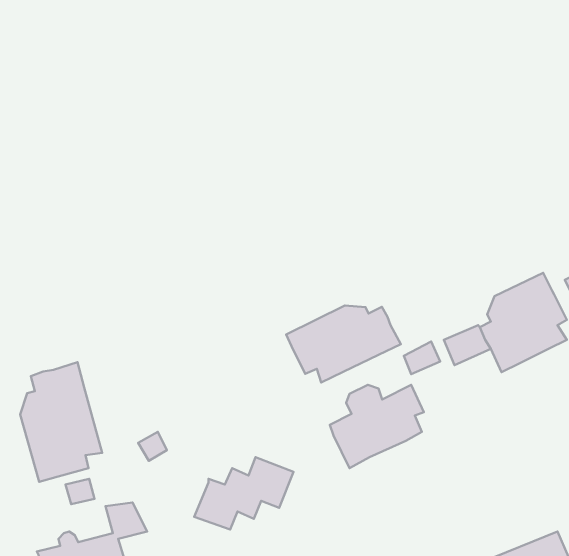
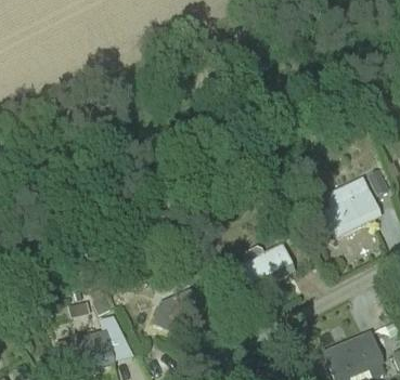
building: [286,305,401,383] -> none
building: [20,362,102,482] -> none

